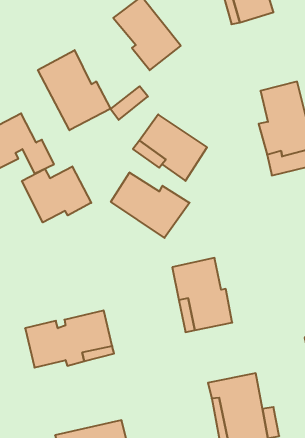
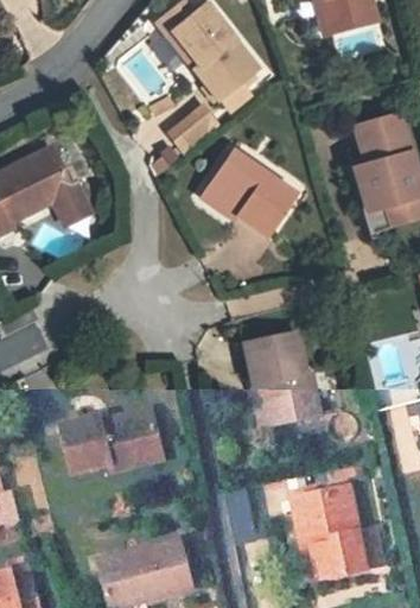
building: [38,50,110,130] -> none
building: [22,166,91,222] -> none
building: [111,172,190,238] -> none

